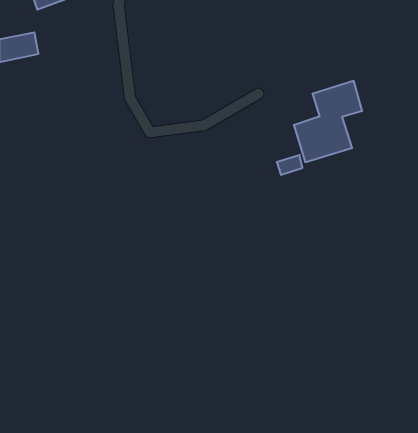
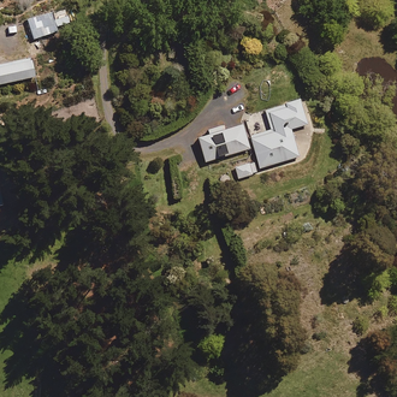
building: none -> [198,124,250,162]

